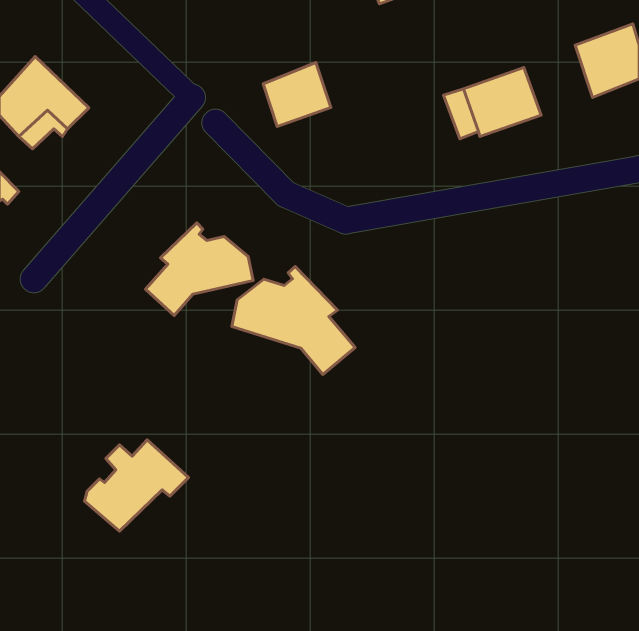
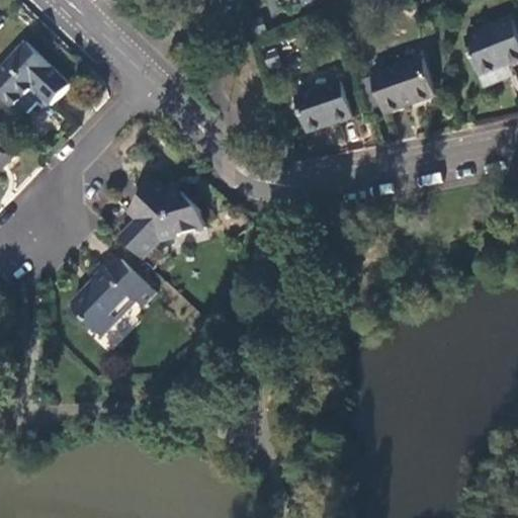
building: [263,63,331,126] -> [298,78,353,130]
building: [232,266,355,375] -> none
building: [85,440,189,531] -> [72,259,156,333]

